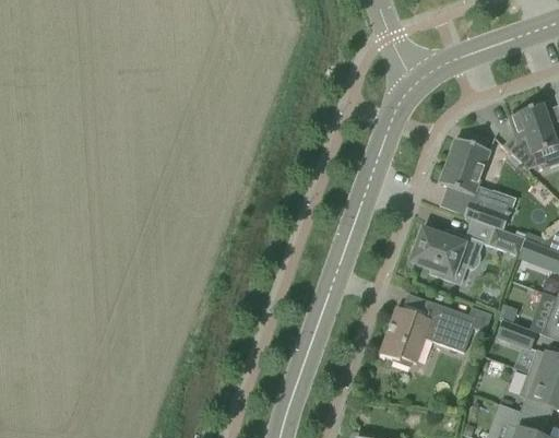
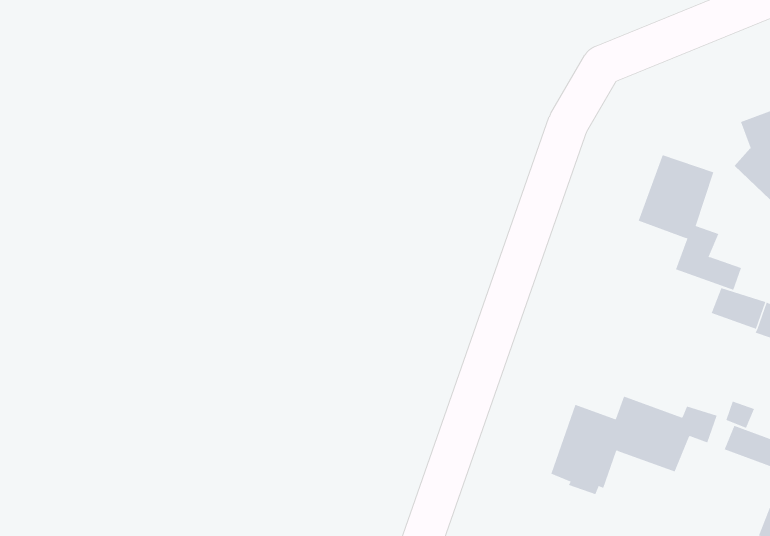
building: [411,227,484,281] -> none

